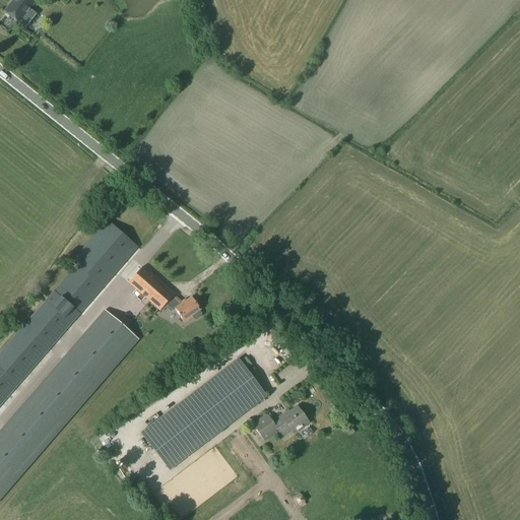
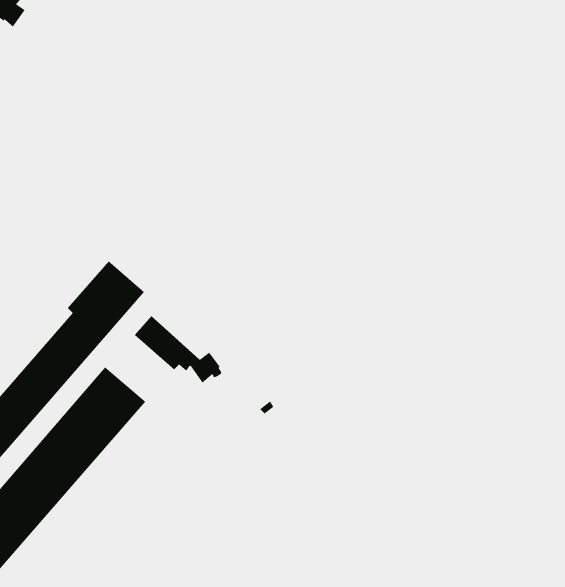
building: [141,356,268,470] -> none
building: [253,405,309,440] -> none

